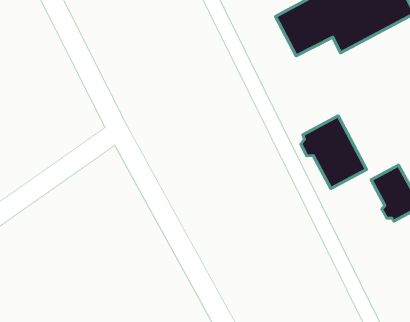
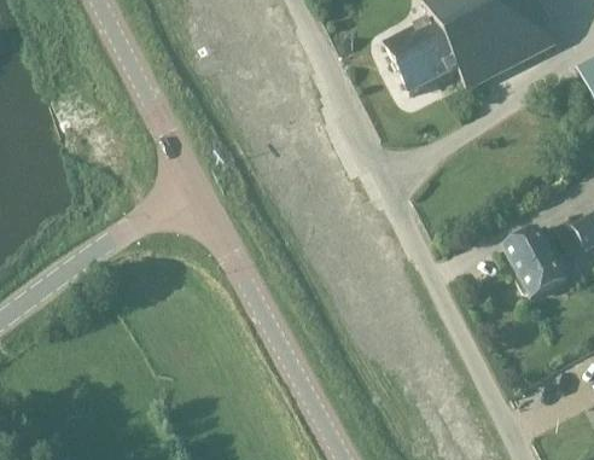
building: [301,116,366,189] -> none

